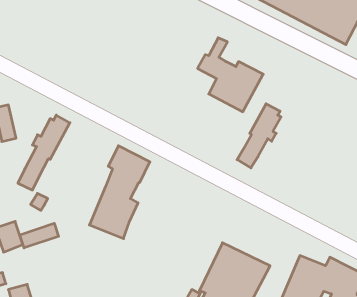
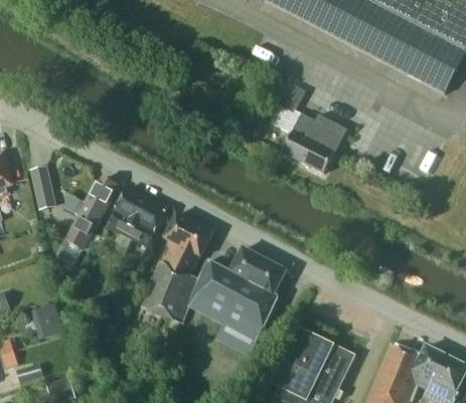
building: [237,104,281,168] -> none
building: none -> [107,187,167,249]
building: none -> [183,247,286,358]
building: [20,223,59,248] -> none

